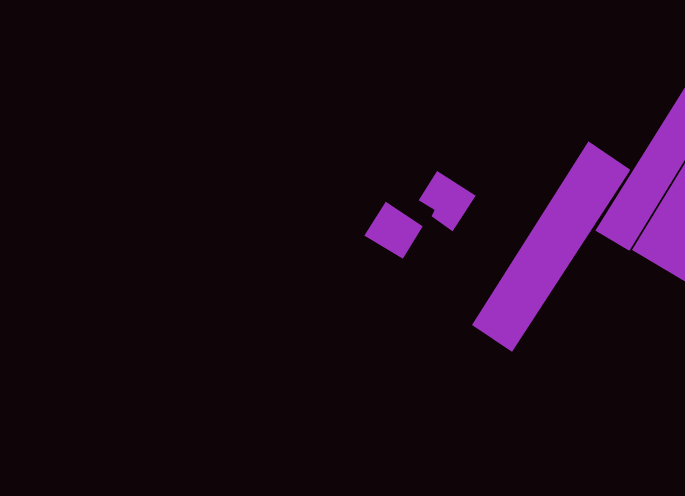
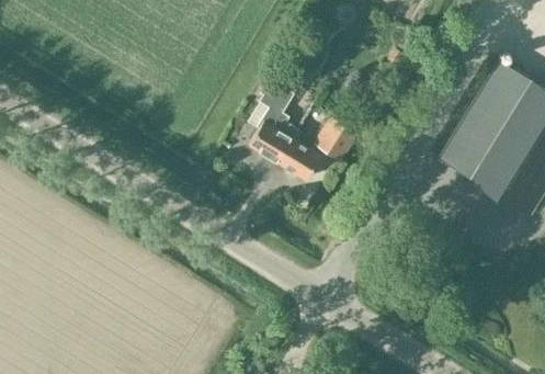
building: none -> [250,84,298,165]
building: [471,140,631,354] -> none

